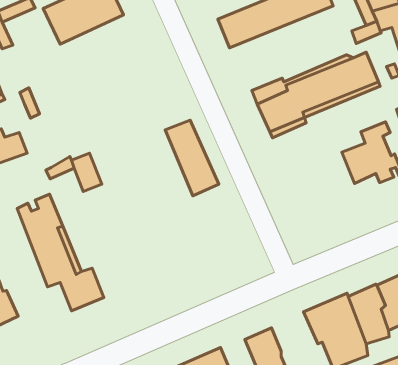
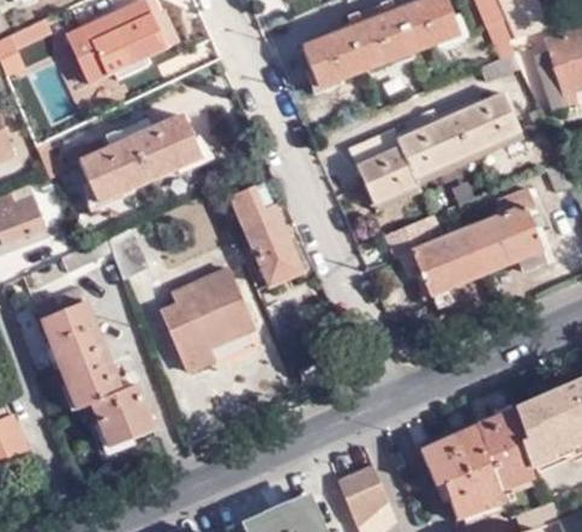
building: none -> [66,116,200,205]
building: none -> [394,224,487,303]
building: none -> [161,271,252,369]

